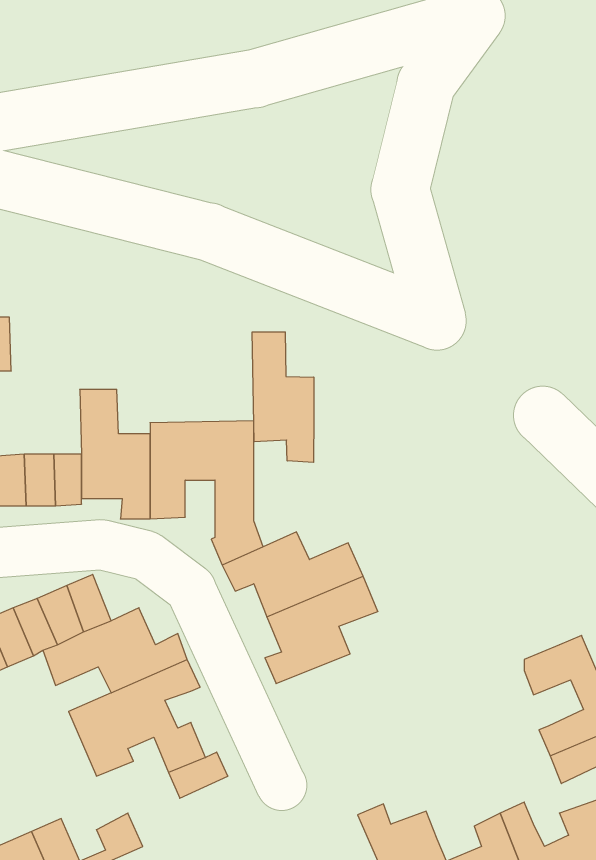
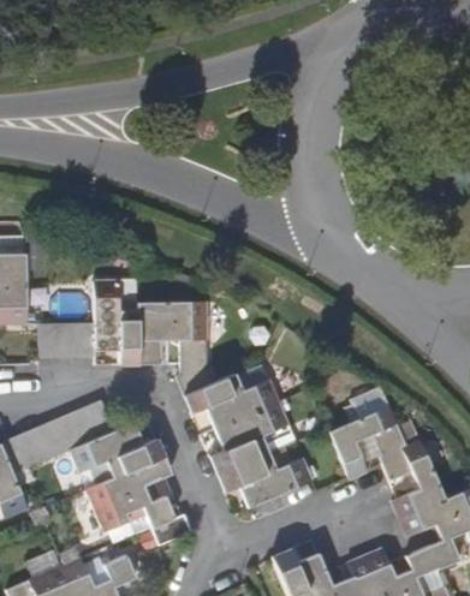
building: [252,332,314,462] -> none
building: none -> [328,406,404,476]
building: none -> [220,452,311,507]

